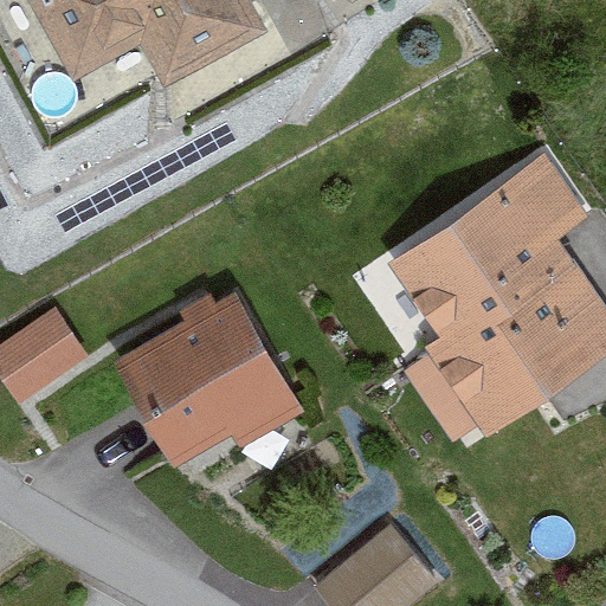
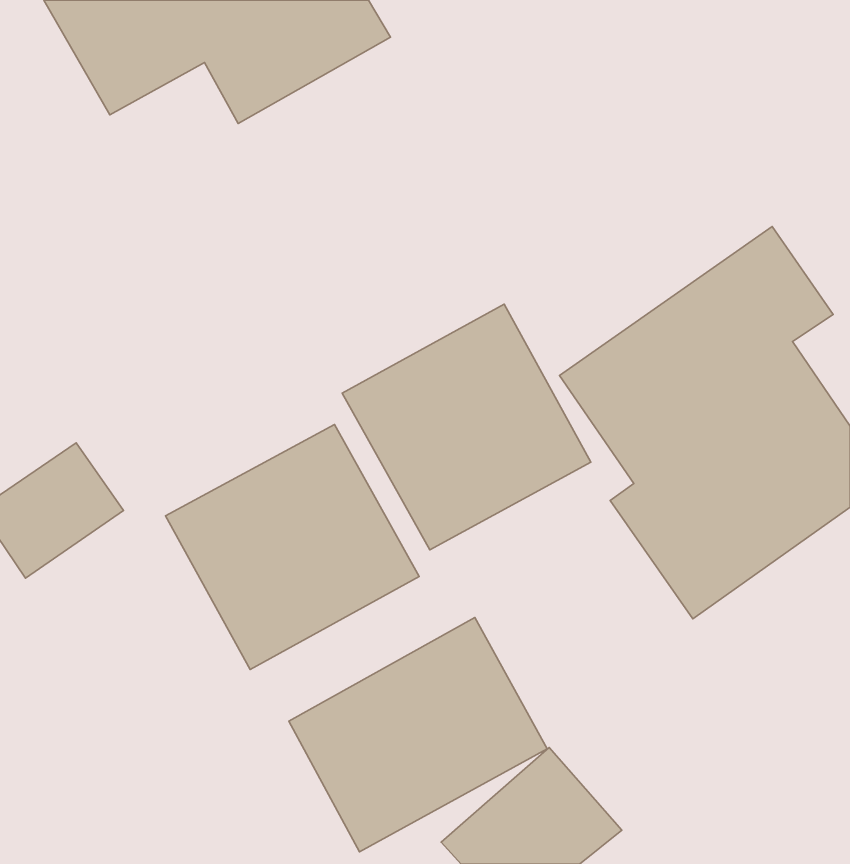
building: none -> [342,304,591,550]
building: none -> [289,617,547,852]

